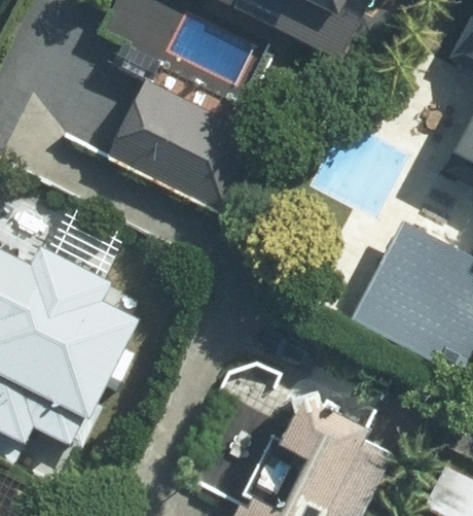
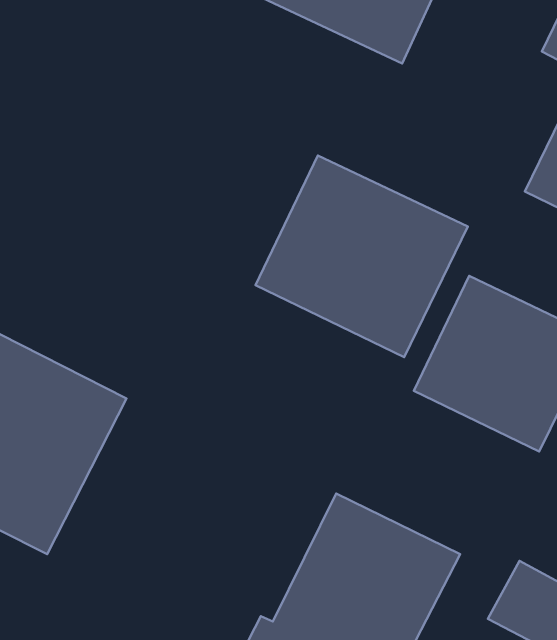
building: [108,77,260,211] -> none
building: none -> [255,156,468,357]

